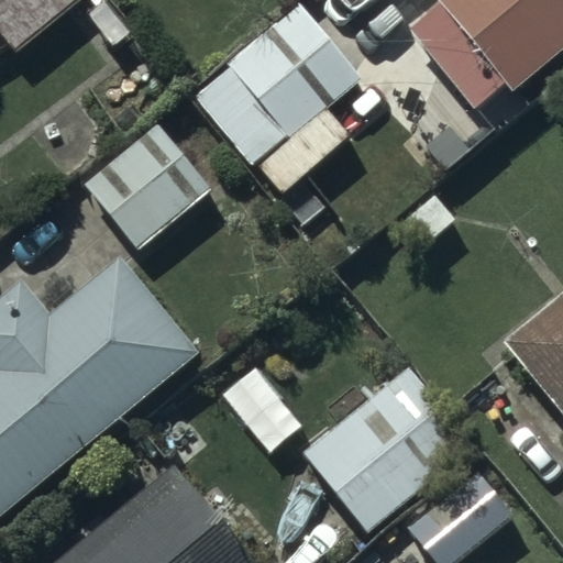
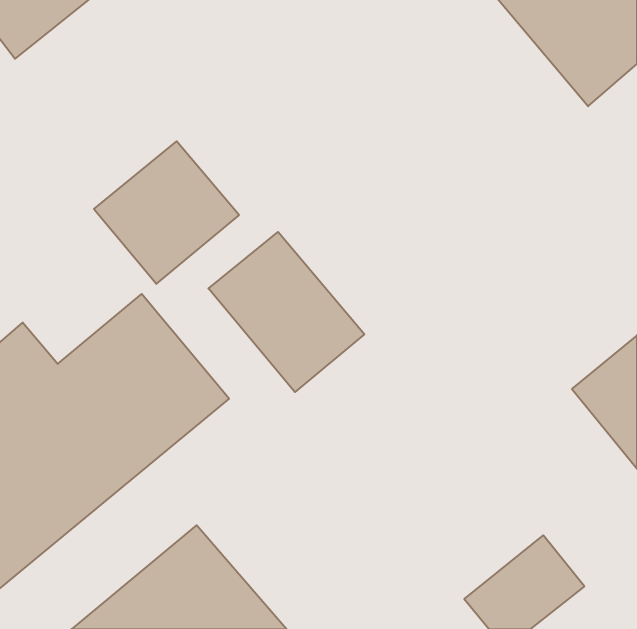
building: [194,9,358,167] -> none
building: none -> [208,232,364,392]
building: [300,365,476,534] -> none

